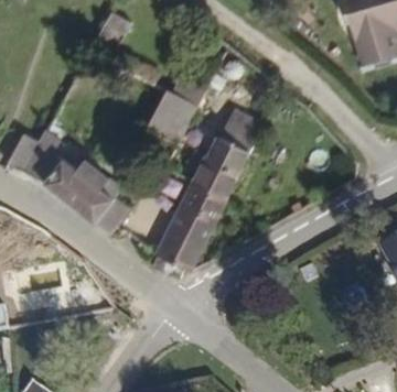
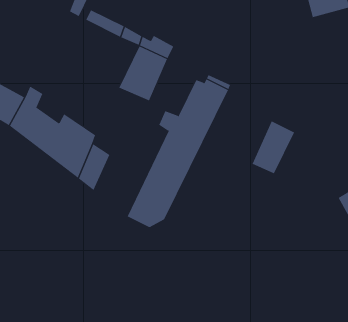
building: none -> [252,121,295,174]

